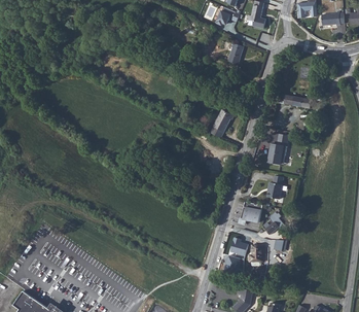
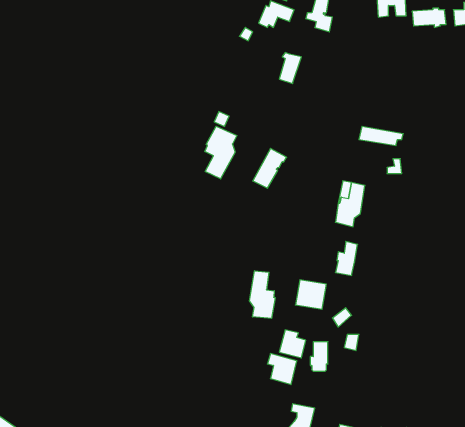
building: none -> [205,126,237,179]
building: none -> [250,271,275,318]

